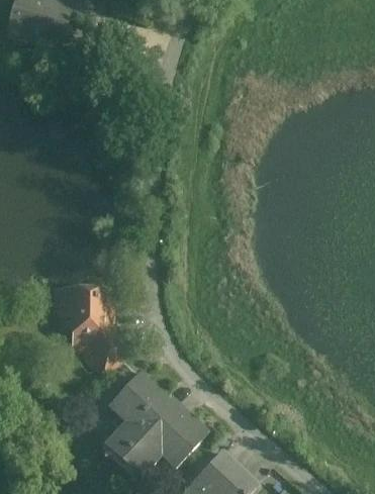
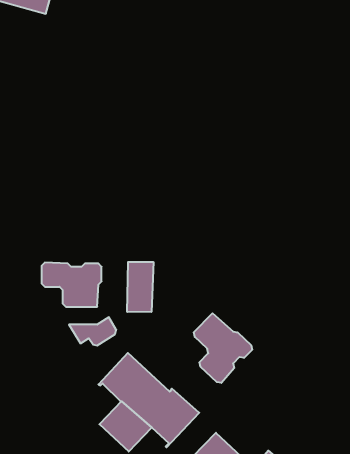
building: none -> [127,262,153,312]
building: none -> [194,313,252,383]

